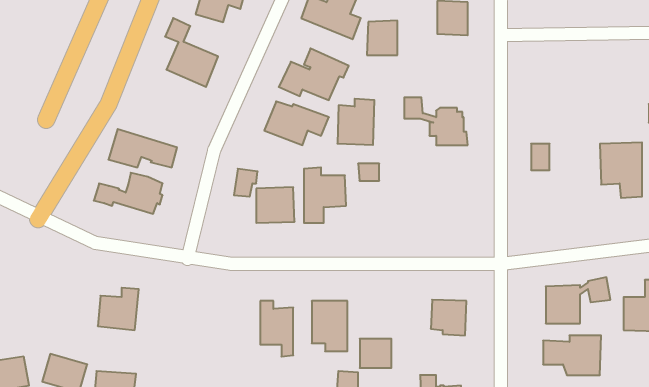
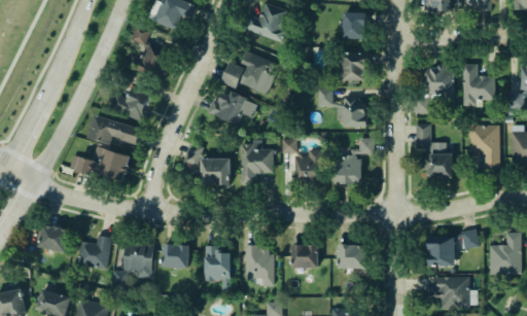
building: [367,21,397,55] -> [342,52,365,79]
building: none -> [415,65,453,112]
building: none -> [463,65,495,108]
building: none -> [110,85,154,124]
building: [337,99,374,145] -> [294,150,323,186]
building: none -> [336,139,375,184]
building: none -> [425,145,454,178]
building: none -> [38,223,70,251]
building: none -> [113,243,154,287]
building: none -> [163,243,189,268]
building: [360,339,391,368] -> [294,246,319,269]

